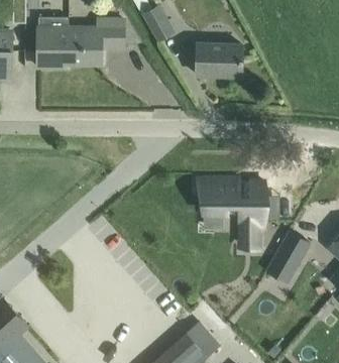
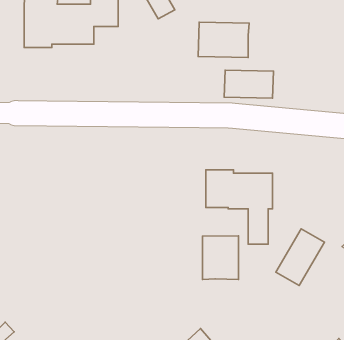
building: none -> [224,70,273,98]
building: none -> [202,236,238,280]

